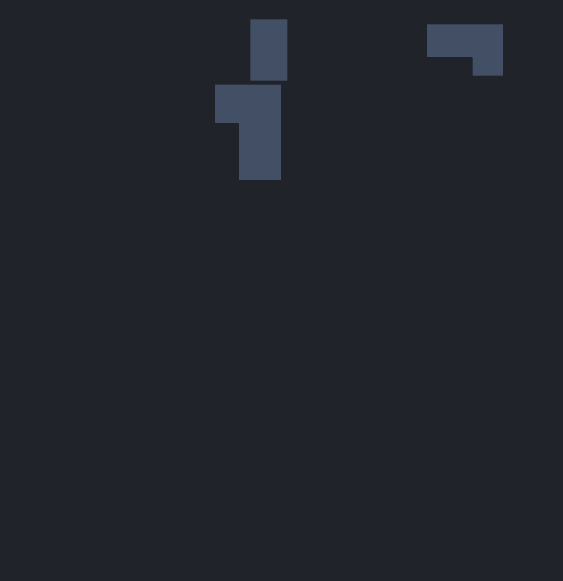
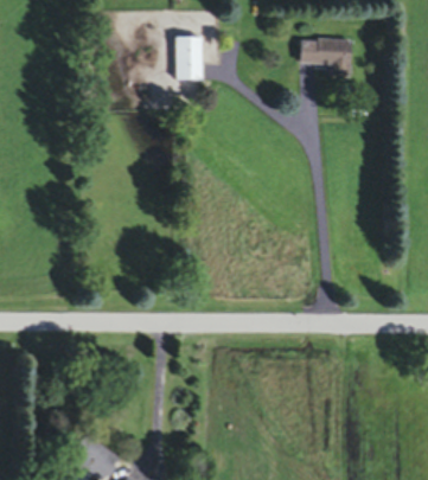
building: [215,84,282,181] -> none

